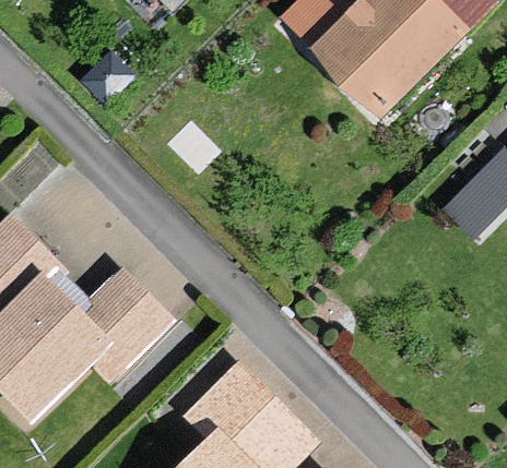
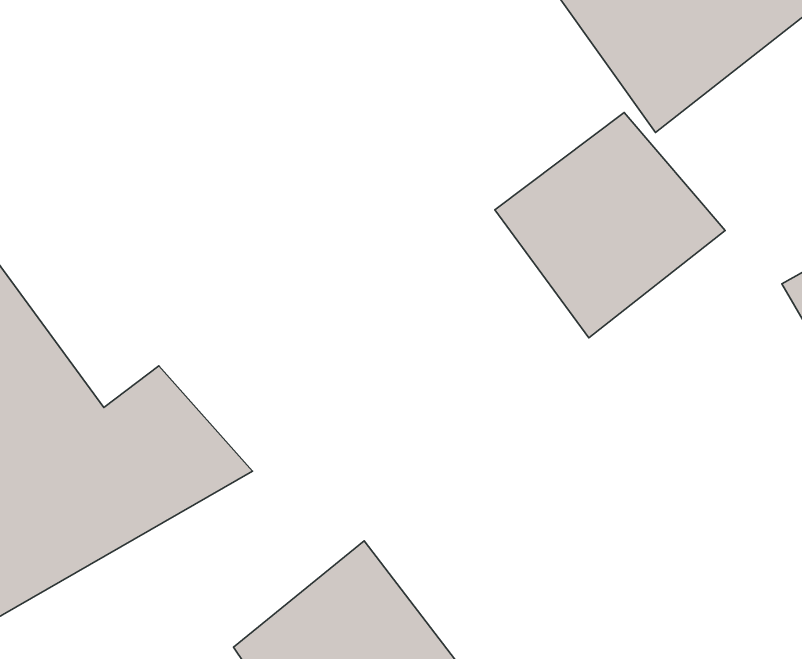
building: none -> [495,113,725,338]

